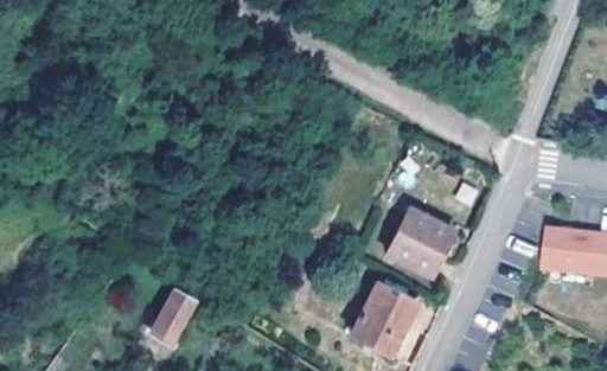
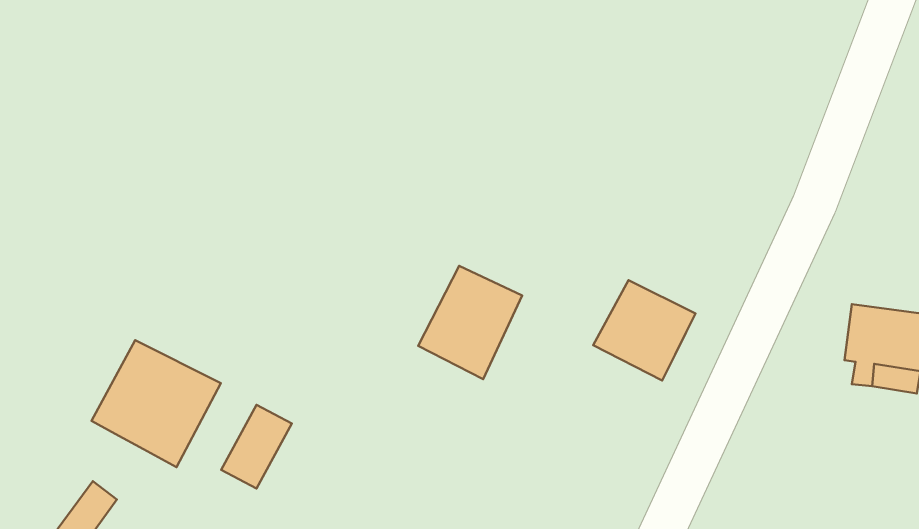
building: none -> [92,340,221,467]
building: [349,283,415,356] -> [418,266,522,379]

